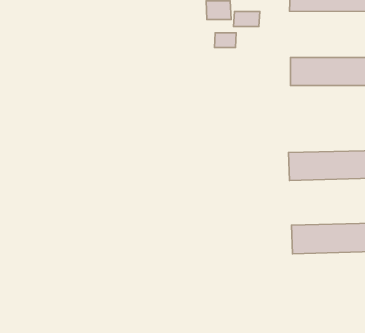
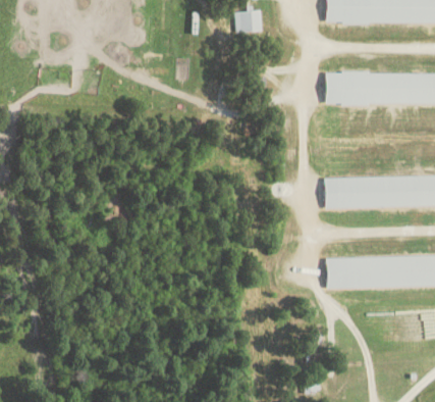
building: [233,12,260,27] -> none
building: [214,33,236,48] -> none

